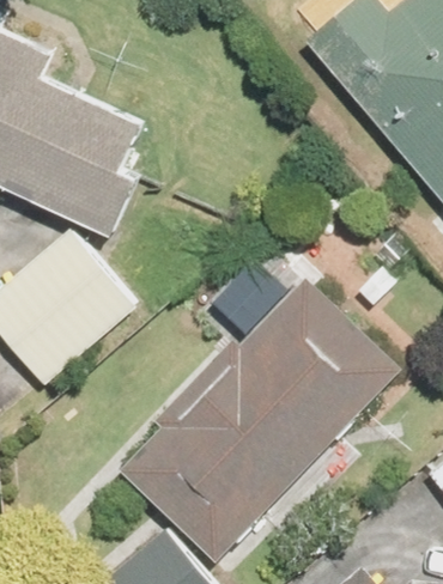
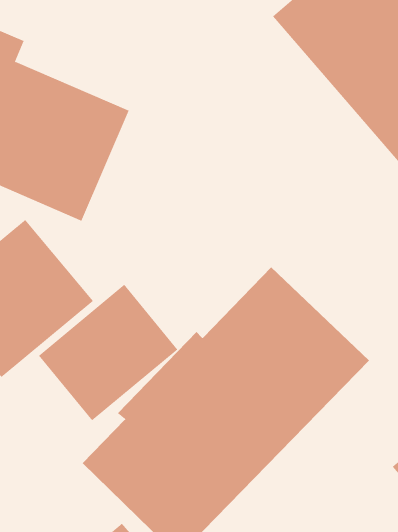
building: none -> [38,284,178,421]

